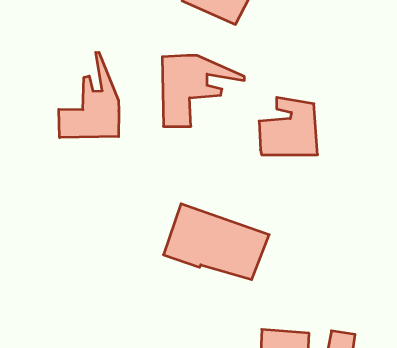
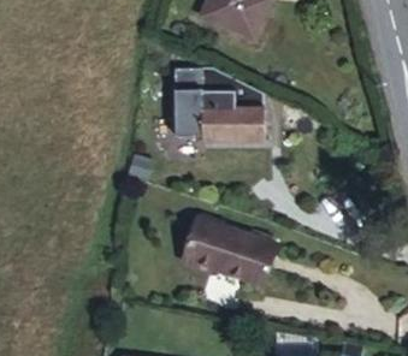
building: [59,52,119,138] -> none
building: [259,97,318,155] -> [206,89,262,144]

